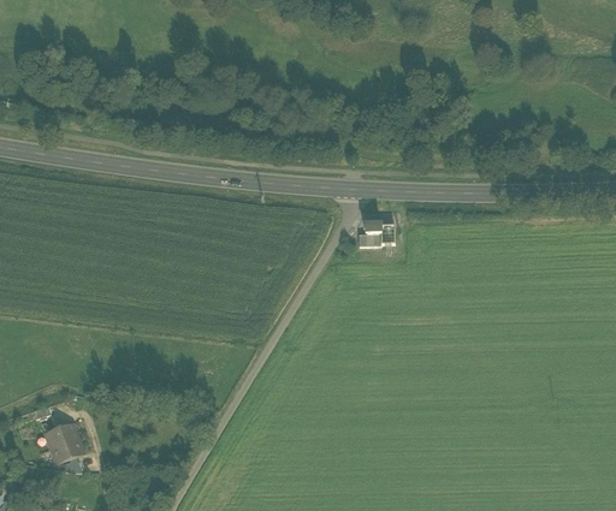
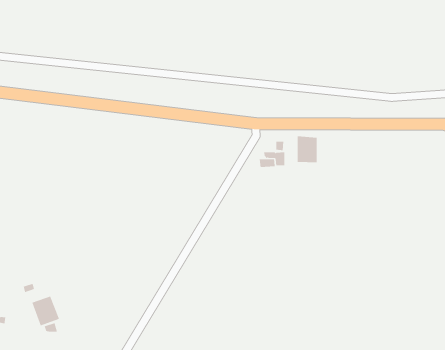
building: none -> [297,136,317,163]

